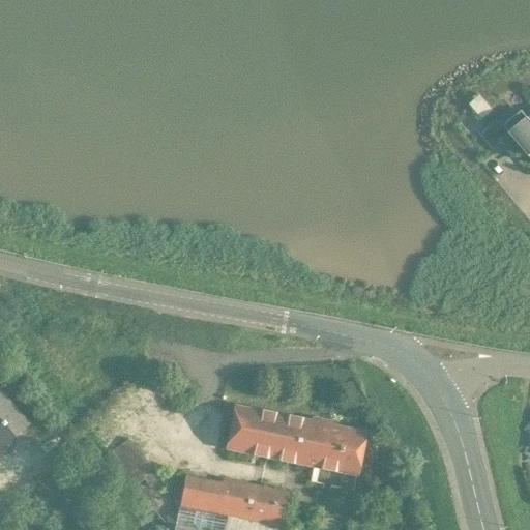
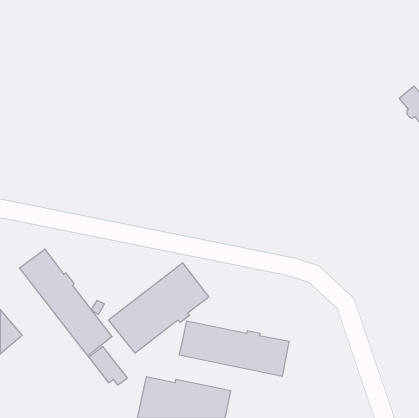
building: none -> [20,249,112,356]
building: none -> [109,263,209,353]

